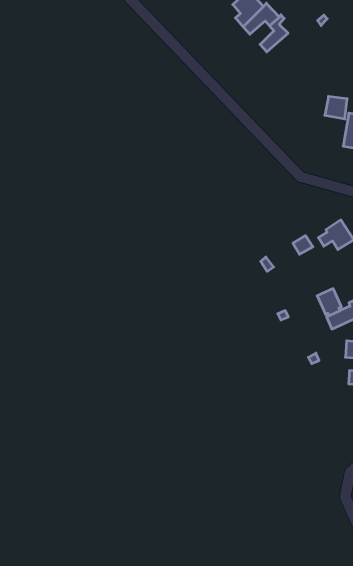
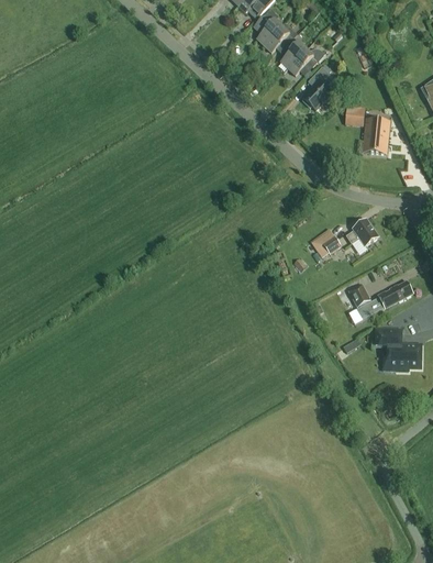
building: none -> [287,48,324,76]
building: none -> [302,66,333,110]

